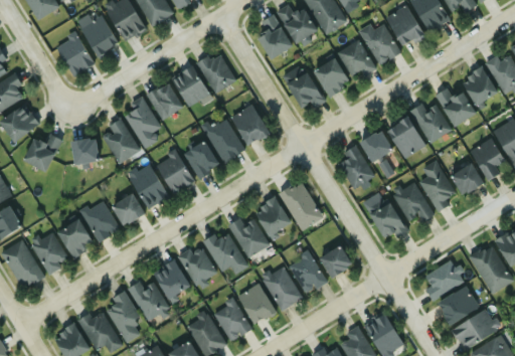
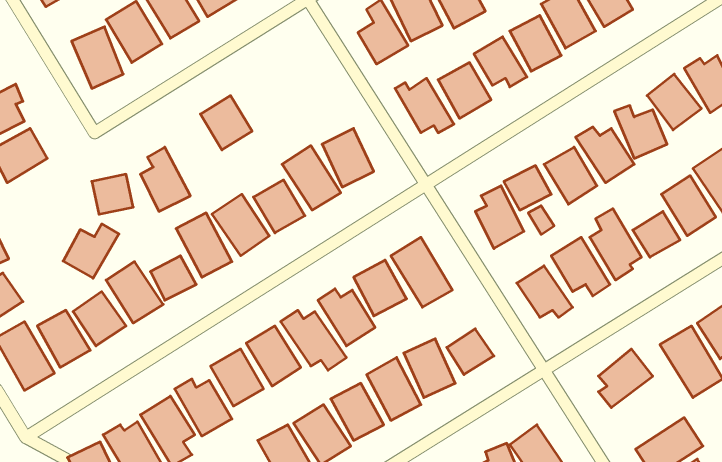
building: [198,52,235,93] -> none
building: [171,65,208,106] -> none
building: [124,97,160,149] -> none
building: [22,134,61,172] -> [63,224,119,278]
building: [437,285,479,325] -> none

